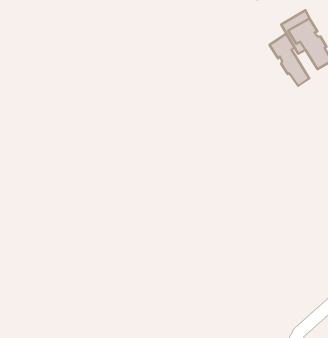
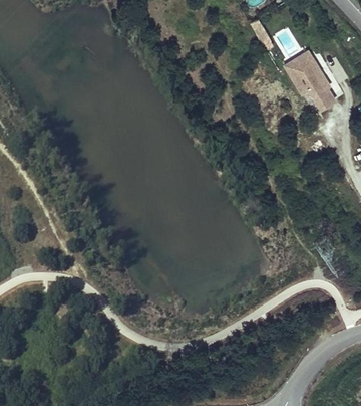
building: [270,34,309,86] -> none

